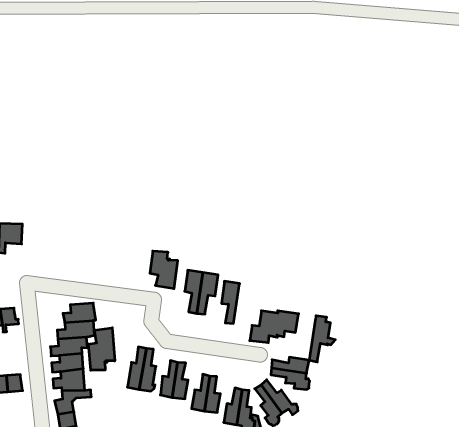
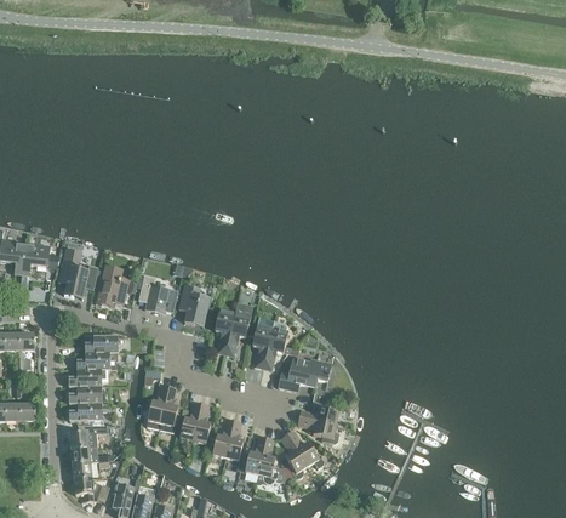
building: none -> [57,256,88,297]
building: none -> [95,266,128,303]
building: none -> [138,274,177,312]
building: [309,316,335,362] -> [262,320,291,369]
building: [89,328,115,370] -> none

